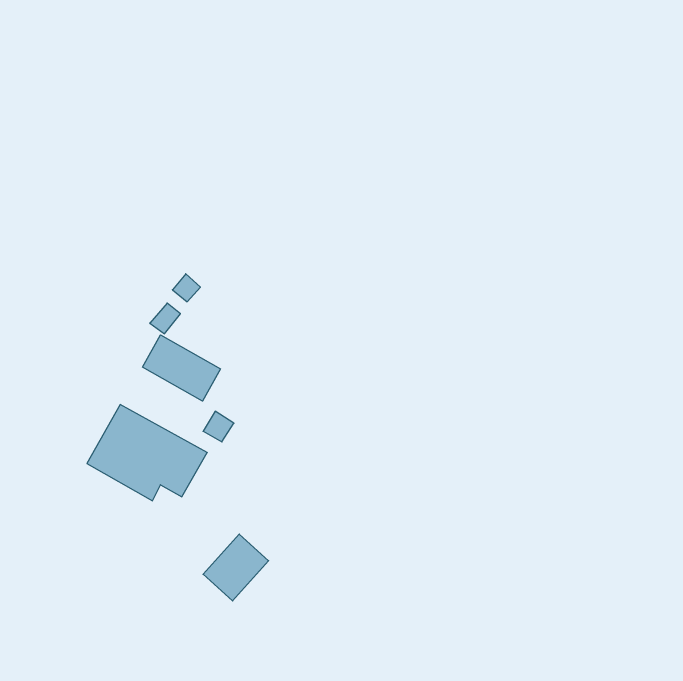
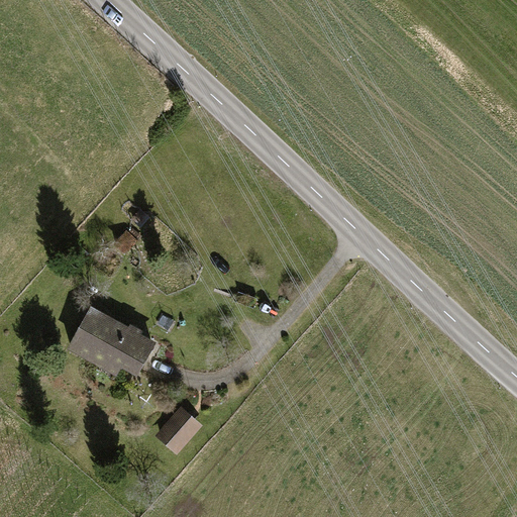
building: [143,335,220,401] -> none

